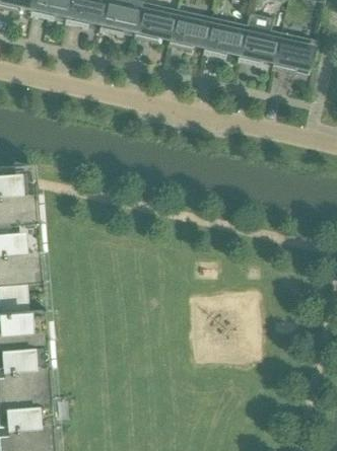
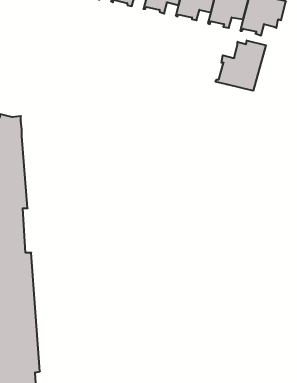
building: none -> [216,40,266,91]

